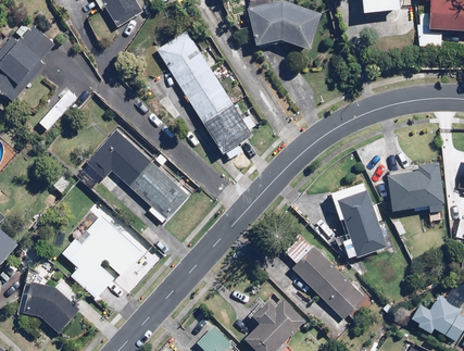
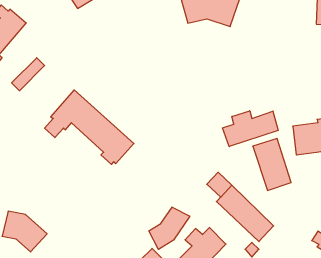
building: [156,30,256,153] -> none
building: none -> [223,111,278,147]
building: [61,211,141,298] -> none
building: none -> [149,207,190,249]

